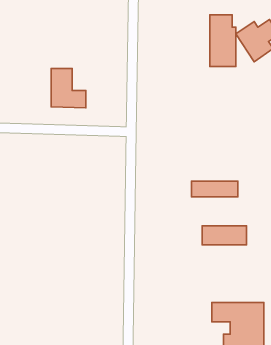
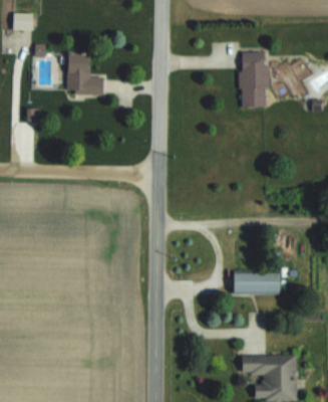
building: [51,68,86,108] -> [67,53,103,94]
building: [191,181,238,197] -> none

